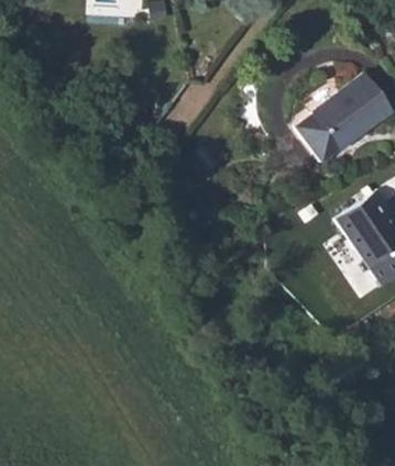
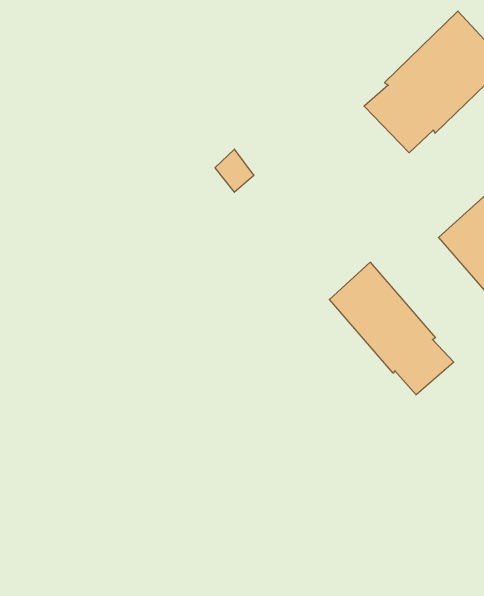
building: none -> [329,262,454,395]

